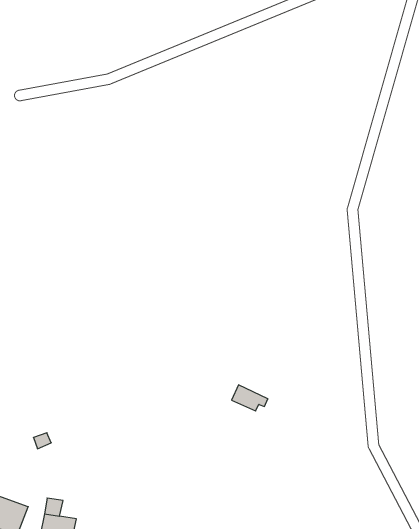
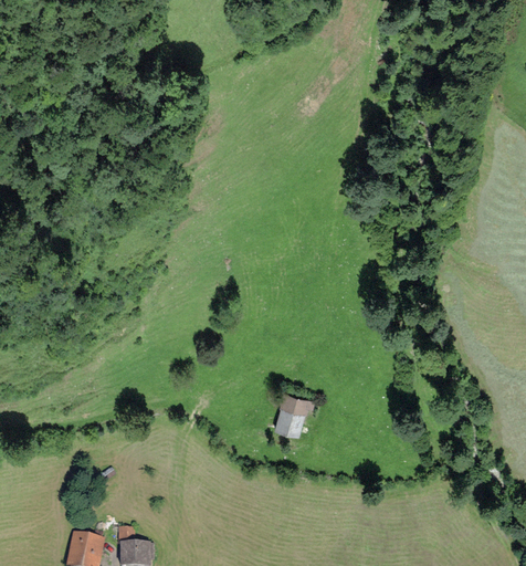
building: none -> [275,408,305,437]

